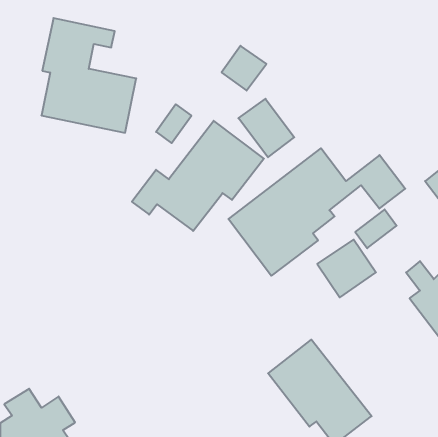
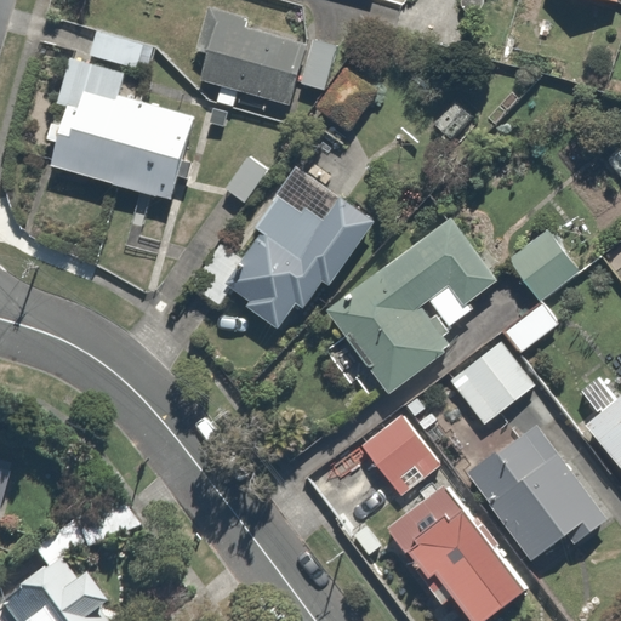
building: none -> [194,16,335,131]
building: [238,99,294,157] -> none
building: none -> [359,410,443,496]
building: none -> [465,425,605,570]

